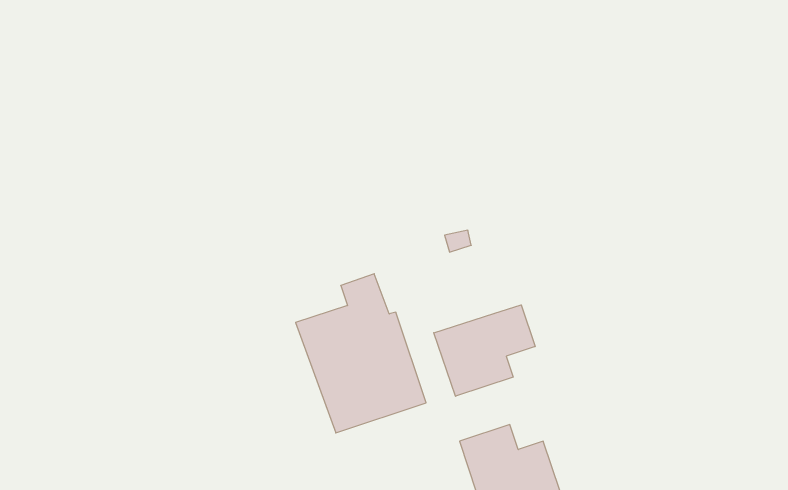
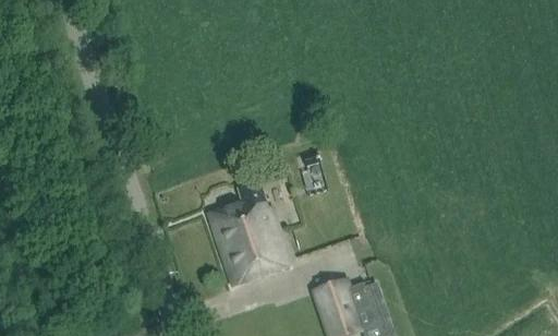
building: [434,305,535,396] -> none

